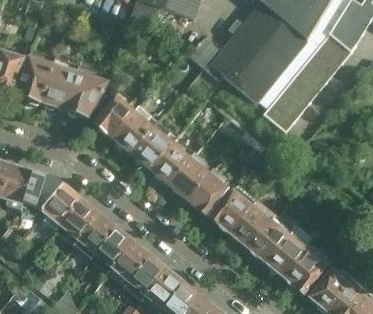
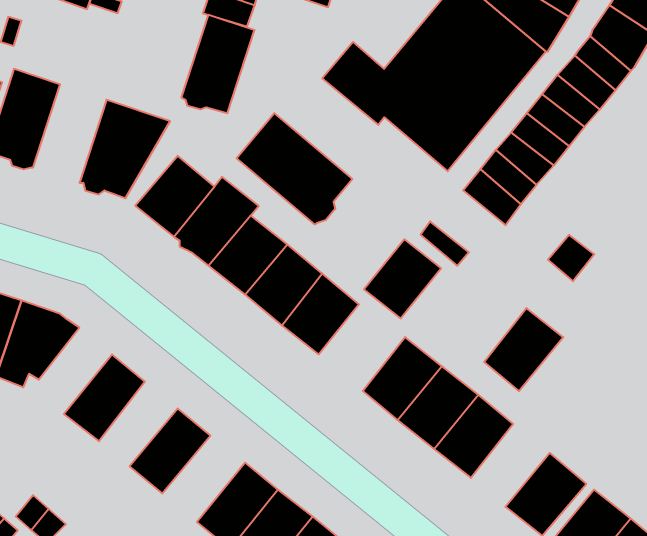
building: [40,58,78,109] -> [181,15,255,113]
building: none -> [237,113,352,224]
building: [188,172,228,213] -> [364,239,441,318]
building: [43,184,81,229] -> none
building: [74,212,115,256] -> none
building: [267,234,308,277] -> [484,308,563,391]
building: [107,240,150,285] -> none

